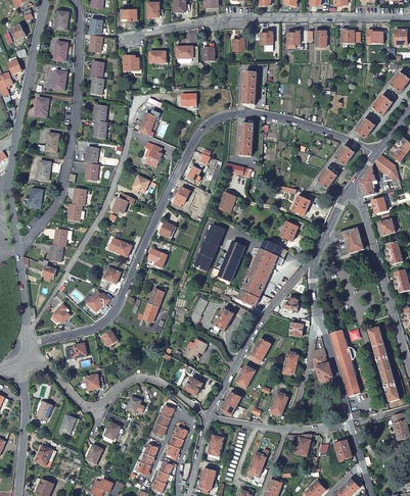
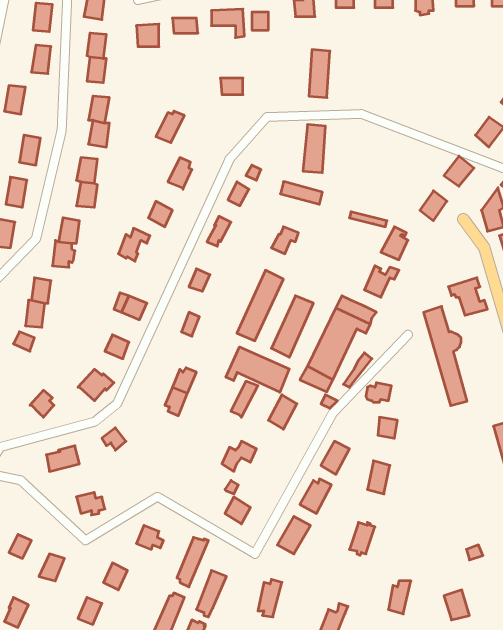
building: none -> [226,347,289,392]
building: [329,329,359,396] -> [424,306,467,406]
building: [309,347,331,382] -> none

